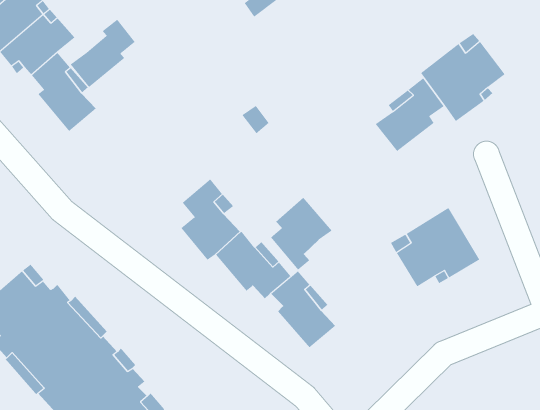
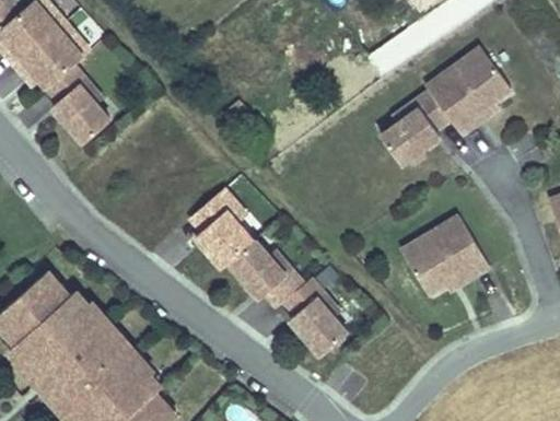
building: [70,19,135,88] -> none
building: [270,197,332,270] -> none

